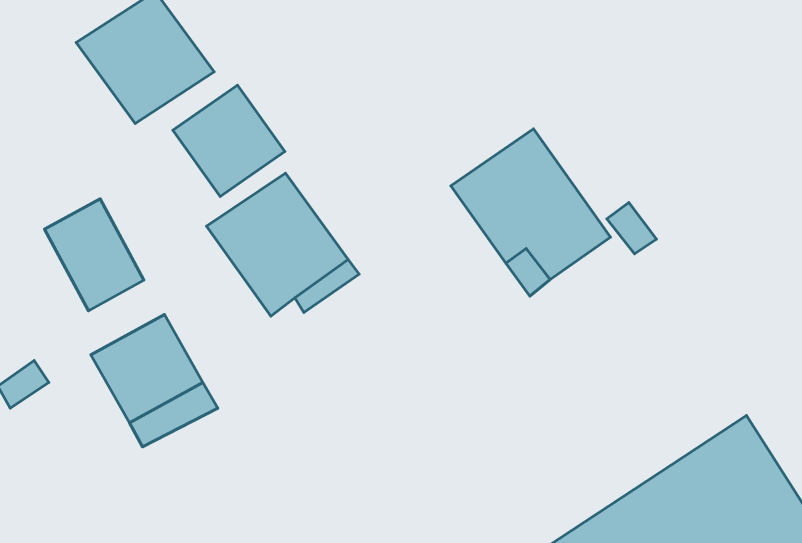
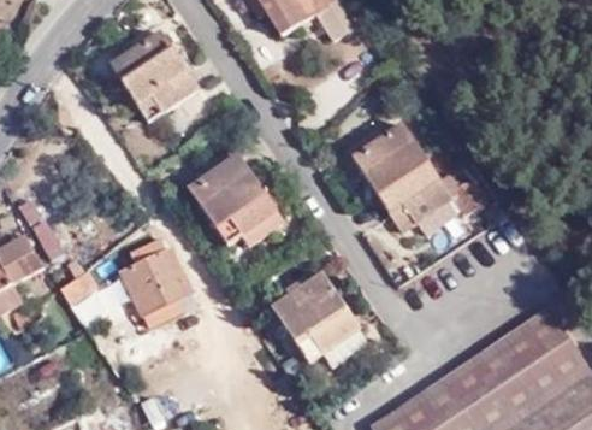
building: [173,85,285,196] -> none
building: [45,199,144,311] -> none
building: none -> [279,276,369,363]

